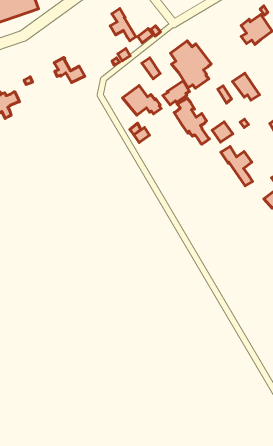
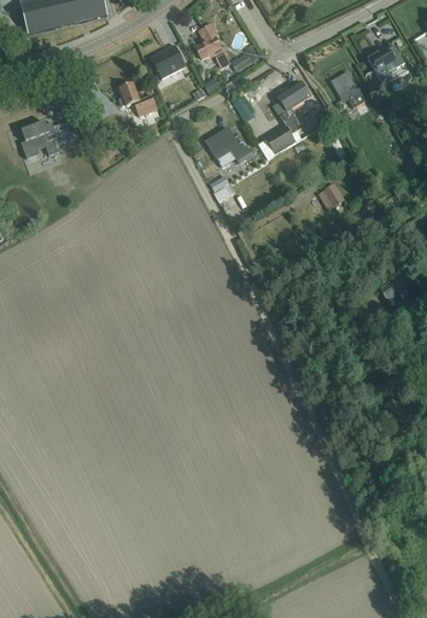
building: none -> [150,45,185,78]
building: [233,73,260,100] -> [329,71,363,107]
building: [174,98,209,144] -> none
building: [221,147,252,186] -> none

